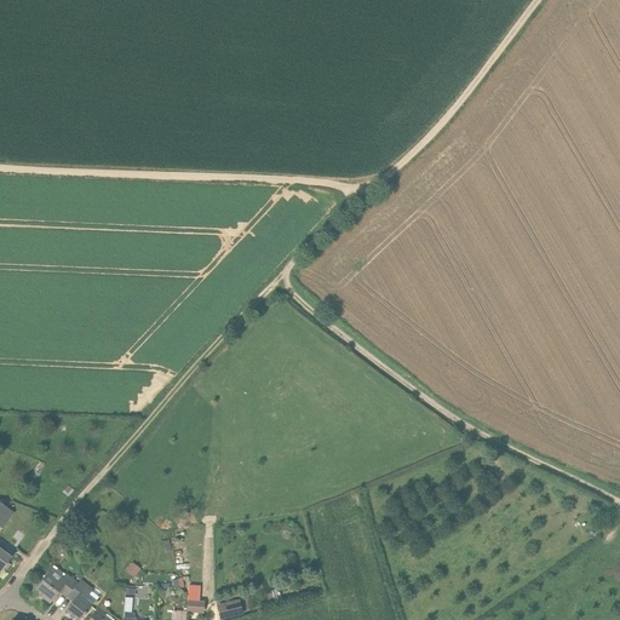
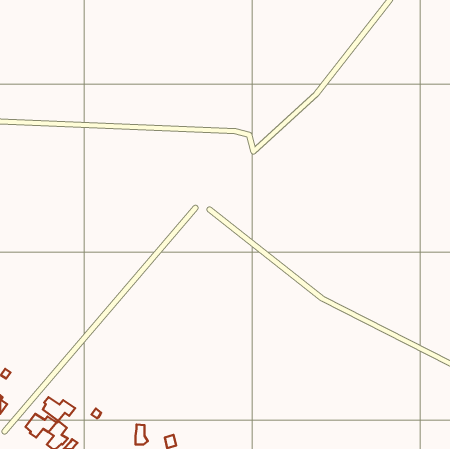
building: none -> [43,397,75,421]

